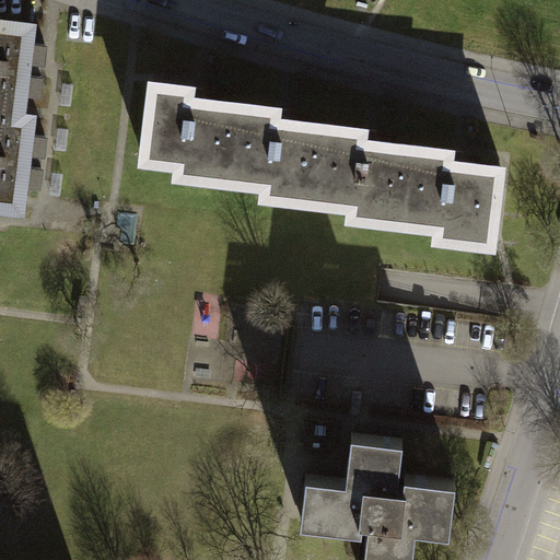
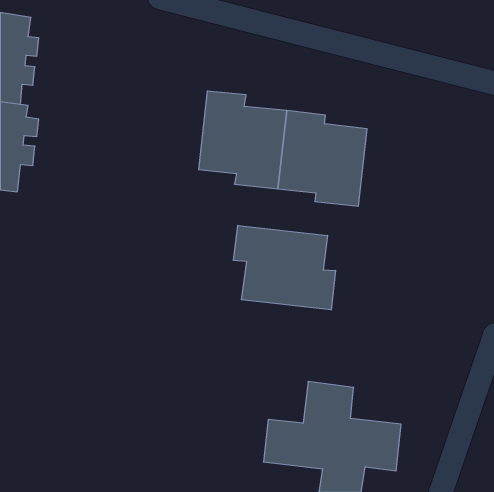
building: [136,80,235,191] -> none
building: [406,145,505,255] -> none
building: none -> [233,225,336,310]

